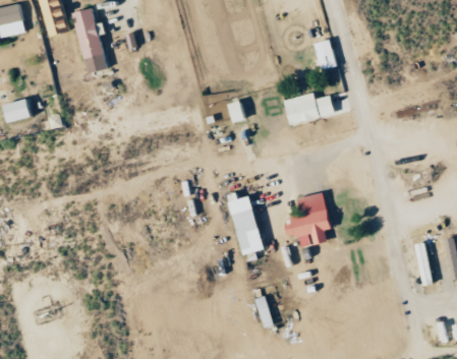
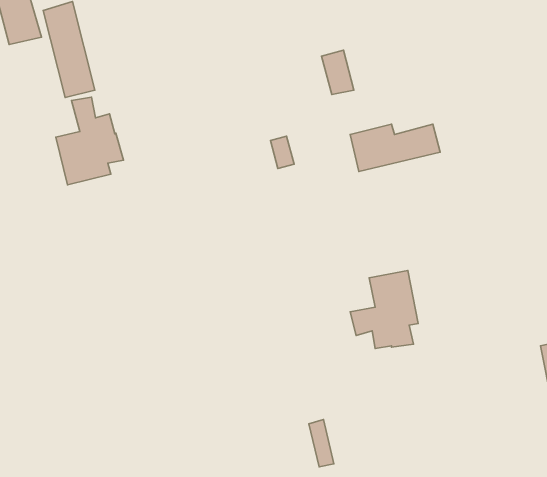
building: [315,40,337,70] -> [321,50,354,94]
building: none -> [56,97,124,185]
building: [227,193,264,255] -> none

